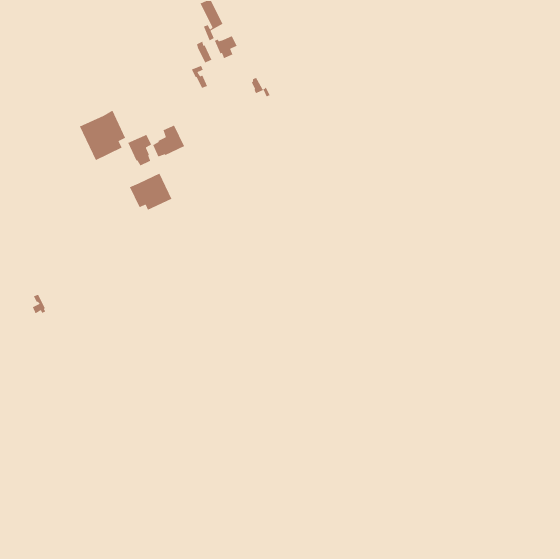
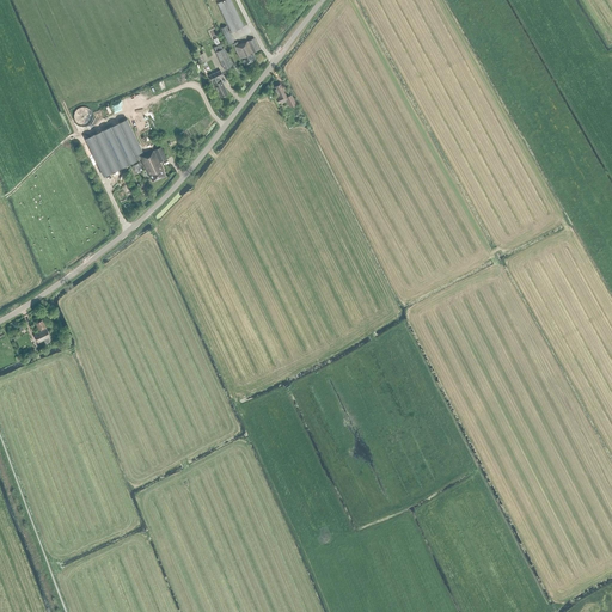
building: [152,125,185,157] -> none
building: [129,172,172,211] -> none

